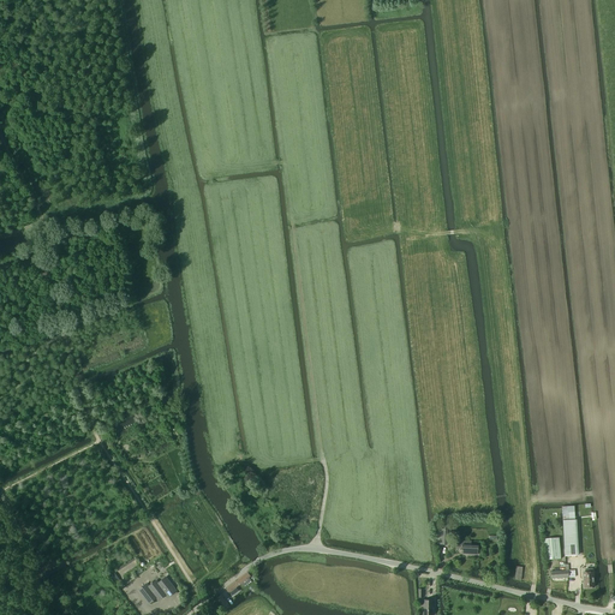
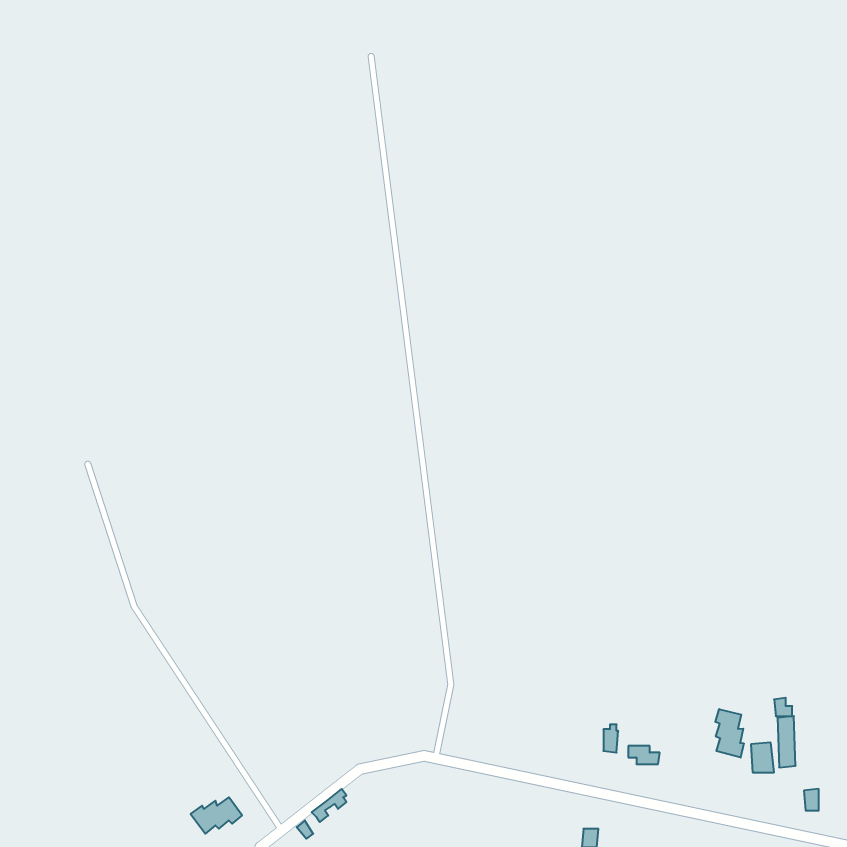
building: none -> [715,709,744,758]

